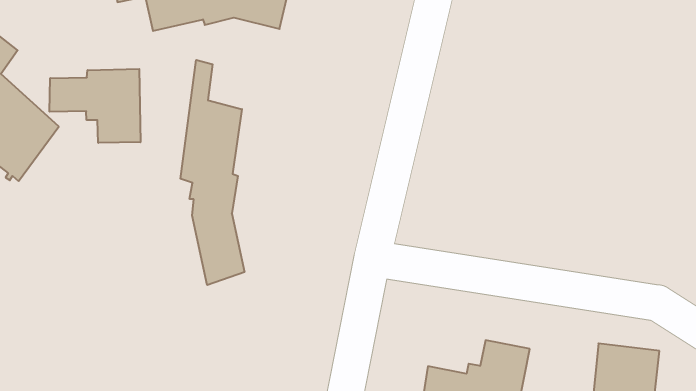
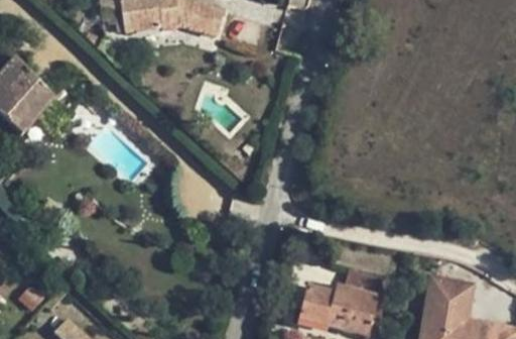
building: [180,60,244,285] -> none
building: [50,69,140,143] -> none

